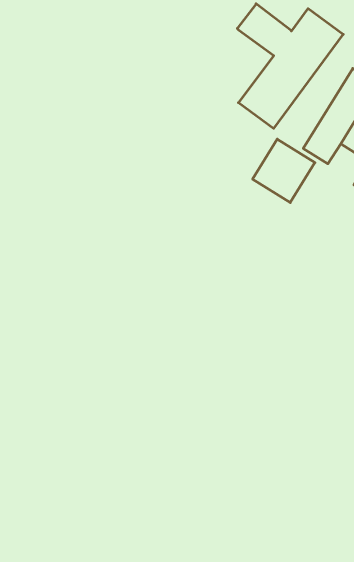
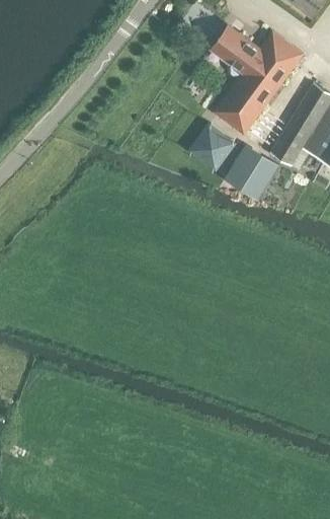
building: none -> [195,135,233,161]

